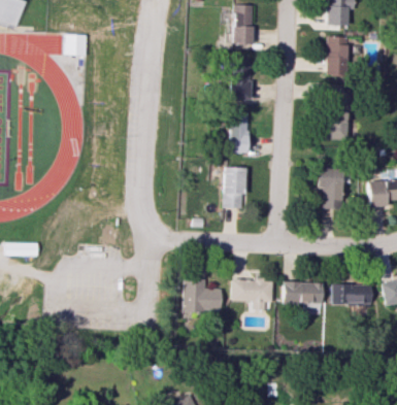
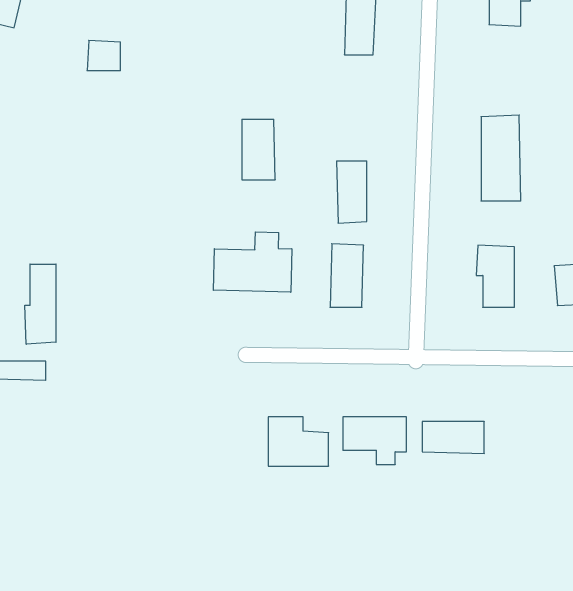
building: [325,36,348,76] -> none
building: [229,61,251,100] -> [242,119,275,180]
building: none -> [213,232,292,292]
building: none -> [25,264,56,344]
building: [333,284,374,304] -> none

